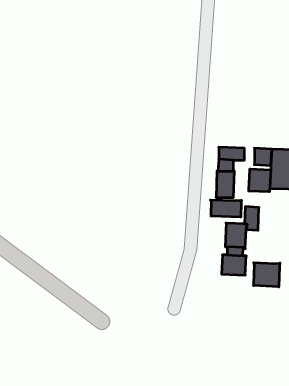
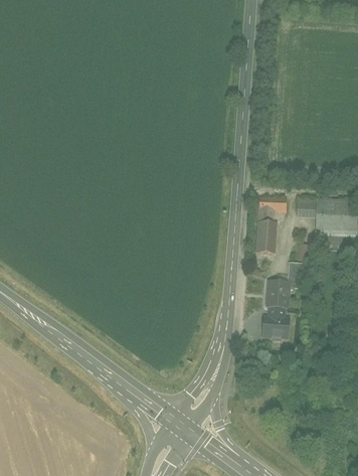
building: [249,169,271,192] -> none
building: [210,200,241,217] -> none
building: [254,263,280,287] -> none

